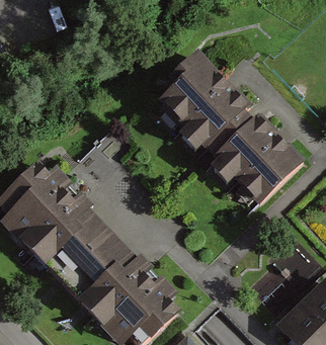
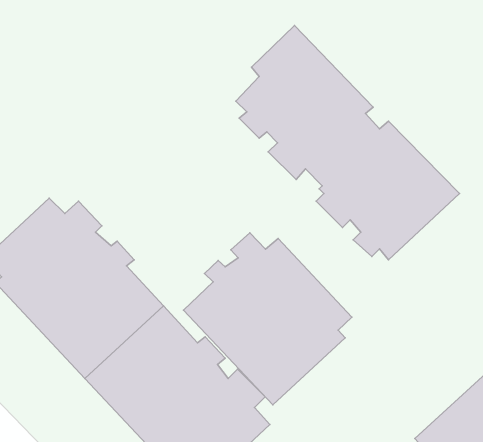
building: none -> [183,233,352,405]

